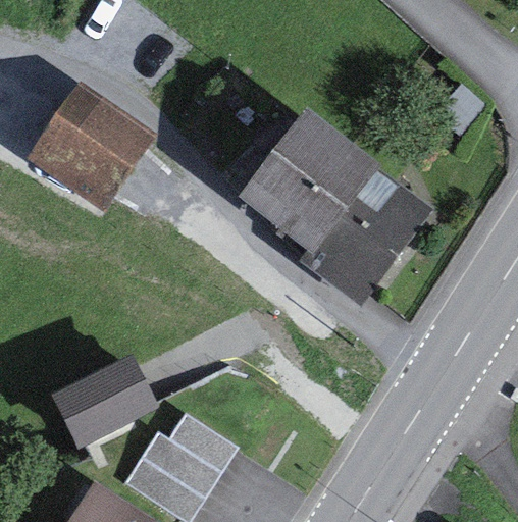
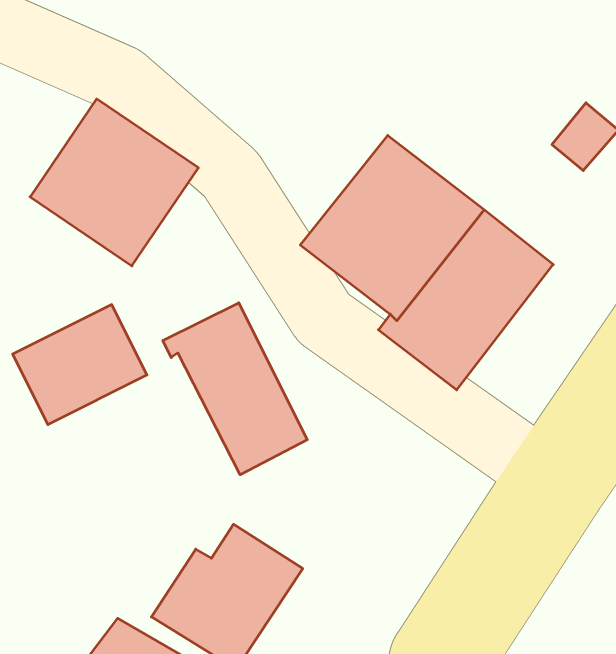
building: none -> [163,303,307,475]
building: [52,353,157,447] -> [13,305,147,425]

